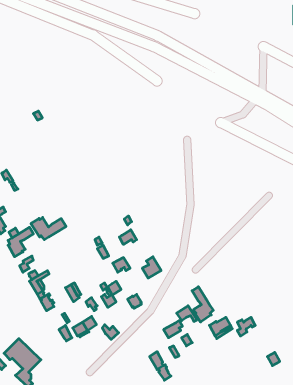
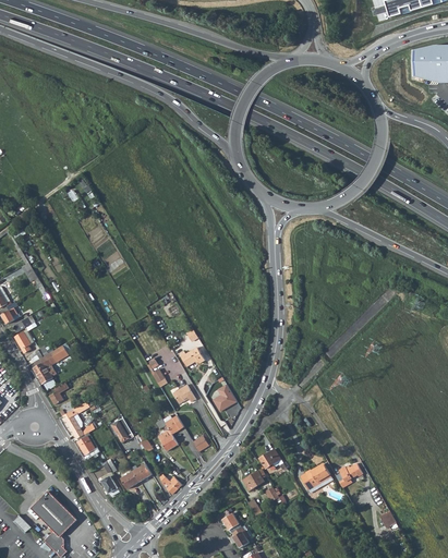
building: [31,217,66,240] -> none
building: [192,287,213,322] -> none

